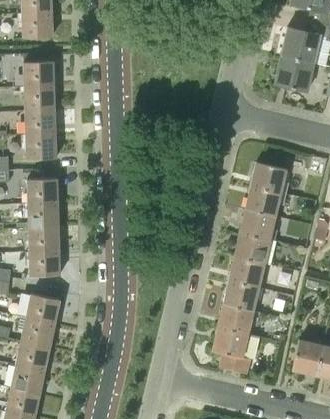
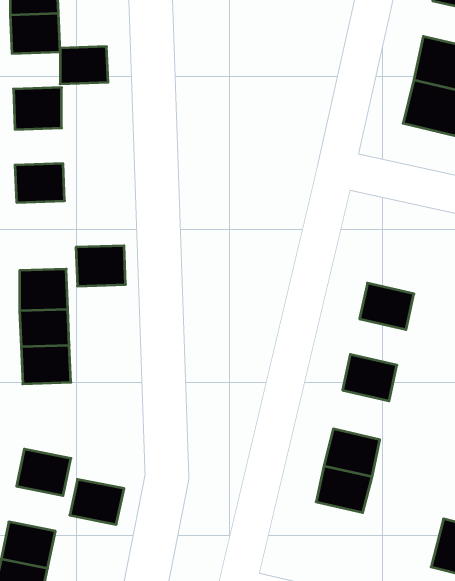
building: [24,86,55,110] -> [60,47,108,84]
building: [25,133,57,159] -> [76,246,126,286]
building: [251,161,287,193] -> none
building: [240,209,276,239] -> none
building: [29,250,60,276] -> none
building: [229,255,265,287] -> none
building: [20,317,55,346] -> [70,479,124,524]
building: [213,327,249,373] -> none

